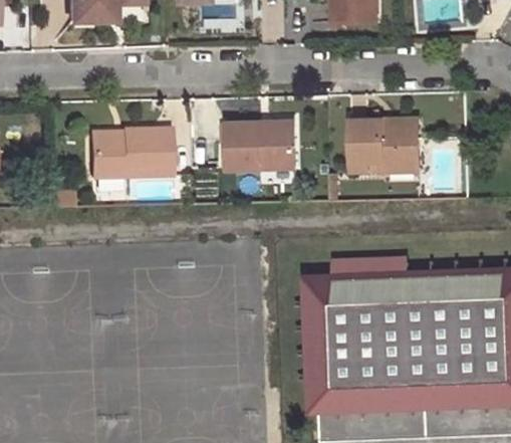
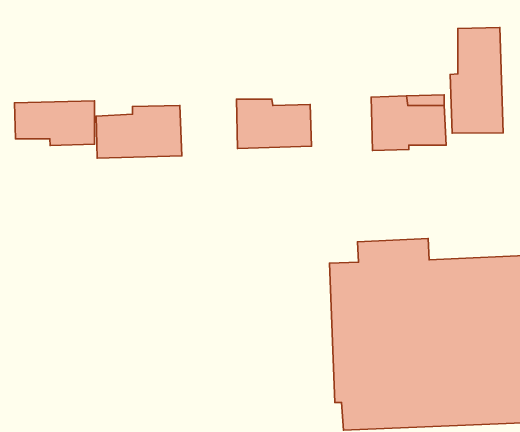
building: none -> [450,27,503,133]
building: none -> [14,101,95,145]

